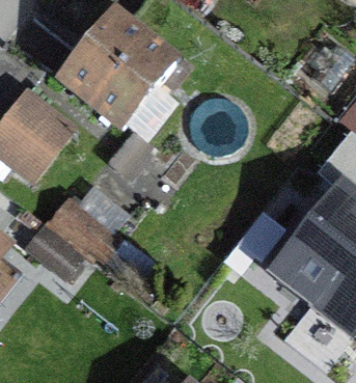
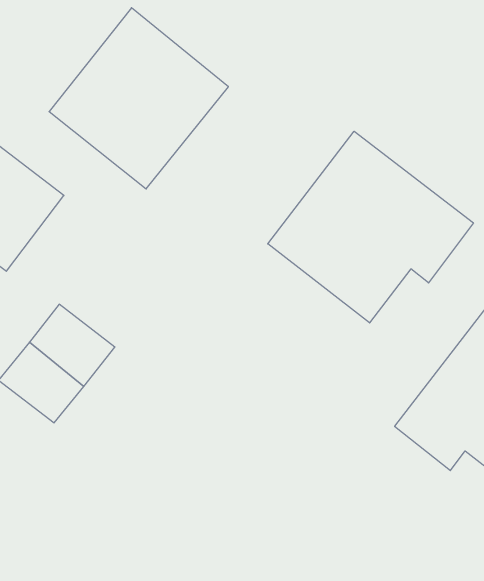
building: none -> [268,131,473,323]

